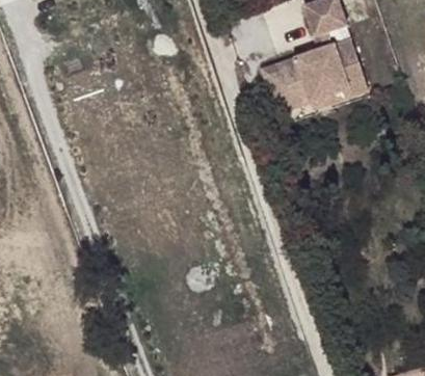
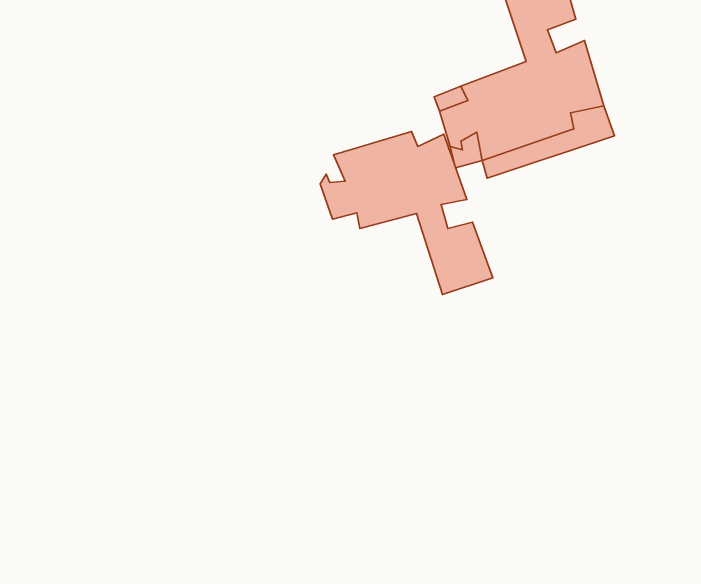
building: none -> [320,131,493,294]

